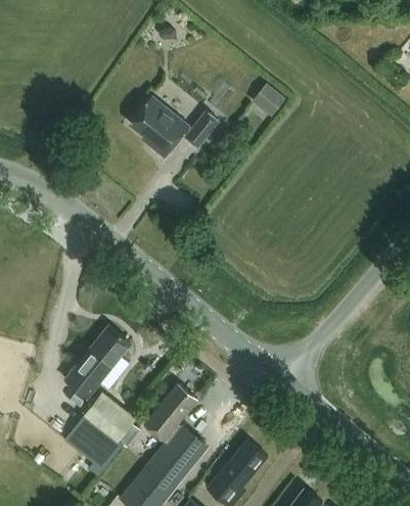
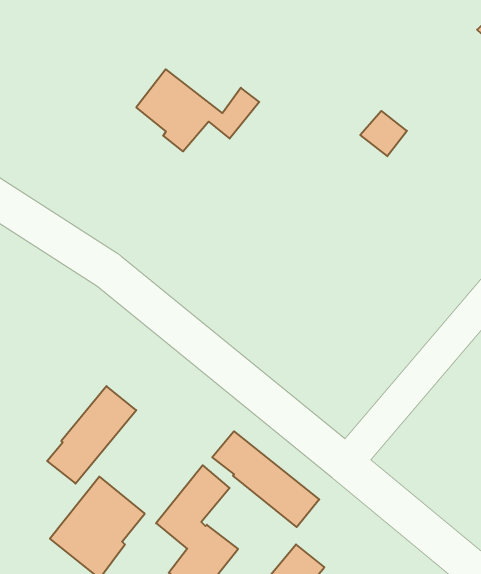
building: [252,84,285,117] -> [360,111,407,156]
building: none -> [212,431,319,527]

